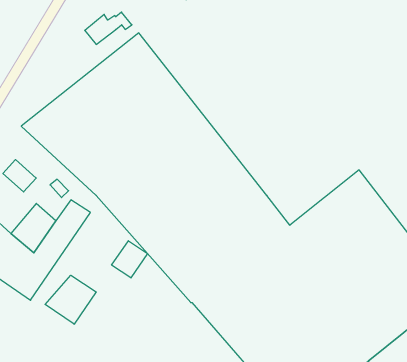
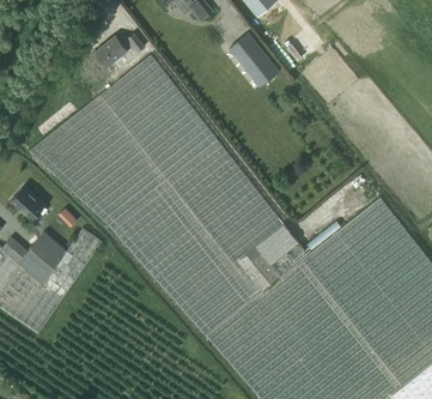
building: none -> [230,34,279,86]
building: [112,241,148,278] -> none
building: [45,275,96,324] -> none

